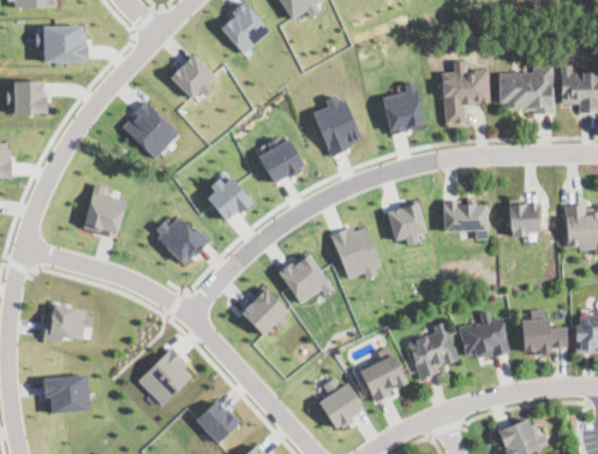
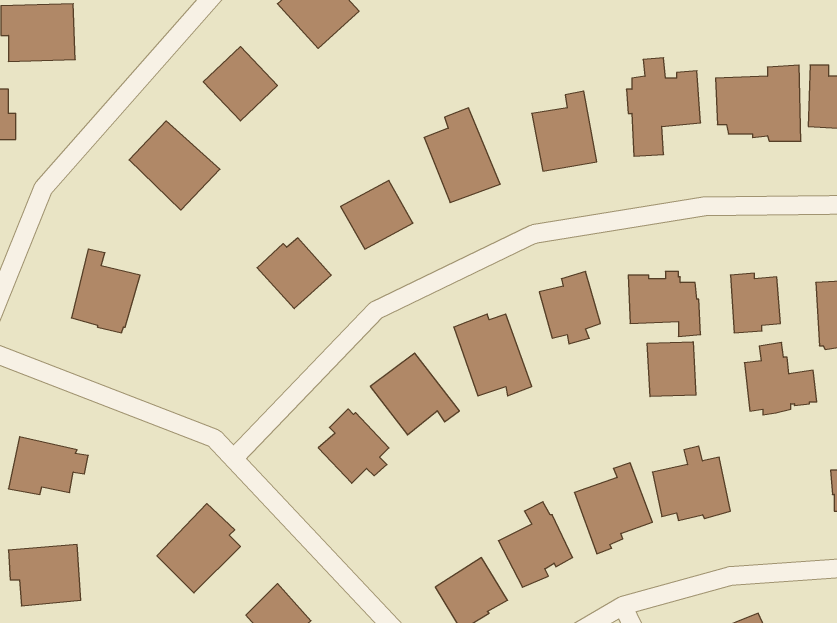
building: [154,216,209,265] -> none
building: none -> [647,342,696,397]
building: [521,309,568,356] -> [744,342,817,415]

